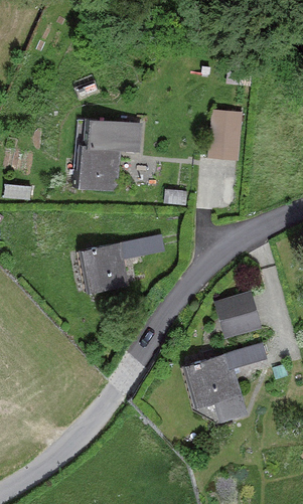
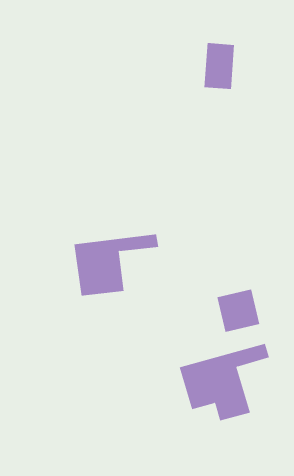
building: [212,113,243,158] -> [204,43,235,89]
building: [73,124,141,190] -> none

